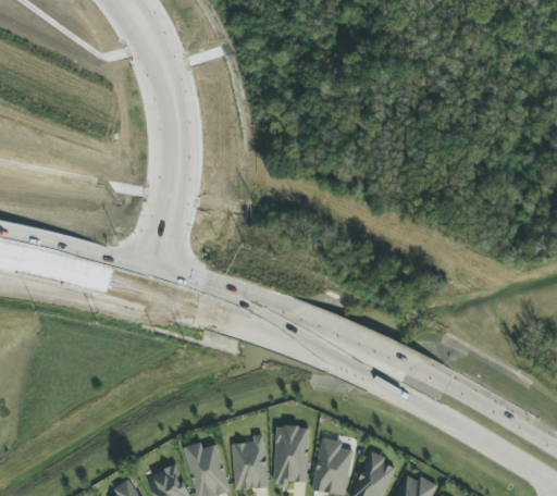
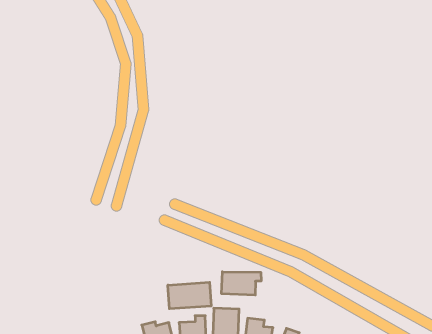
building: none -> [222,272,261,295]
building: none -> [168,282,211,309]

